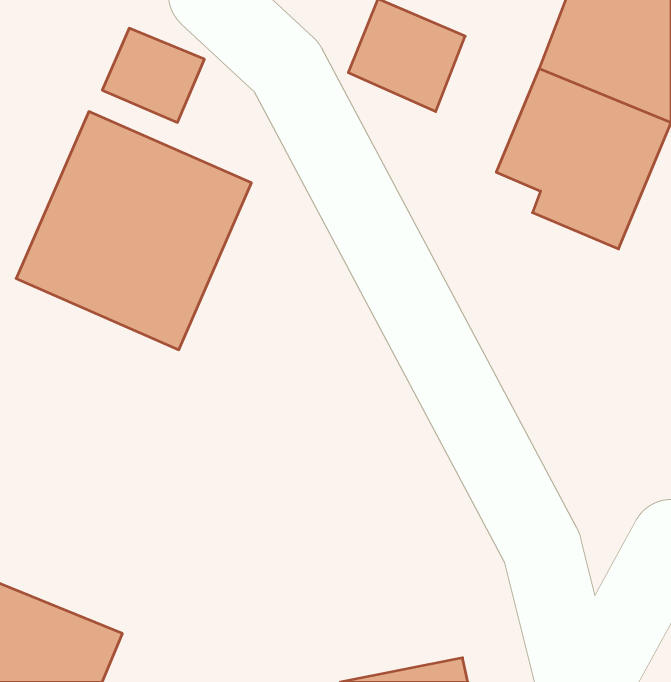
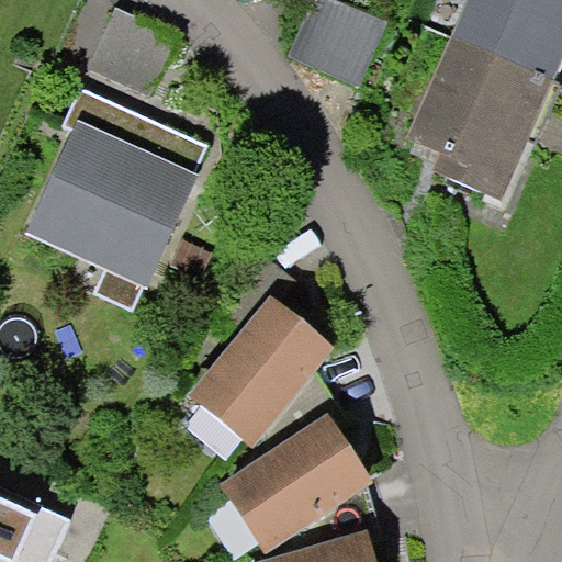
building: none -> [190,295,336,447]
building: none -> [223,417,372,552]

